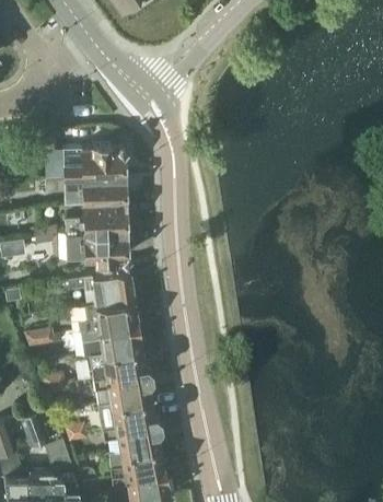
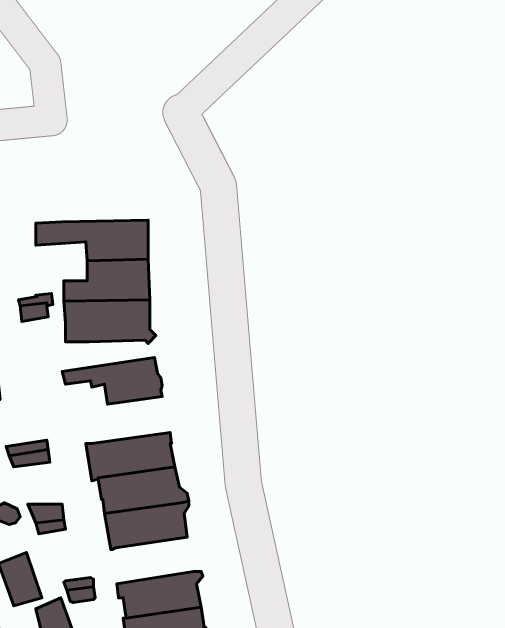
building: [62,143,126,176] -> none
building: [79,299,139,331] -> none
building: [98,397,161,430] -> none

